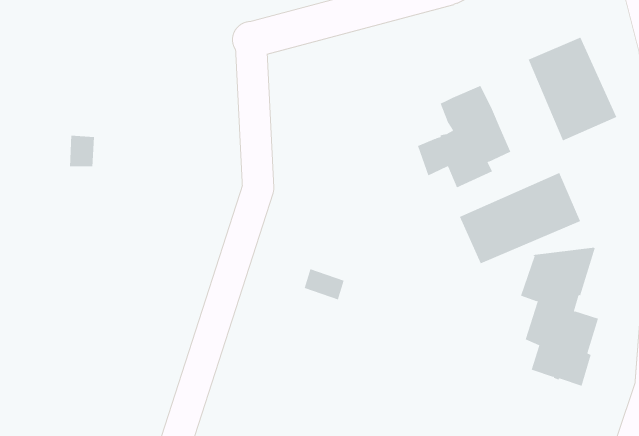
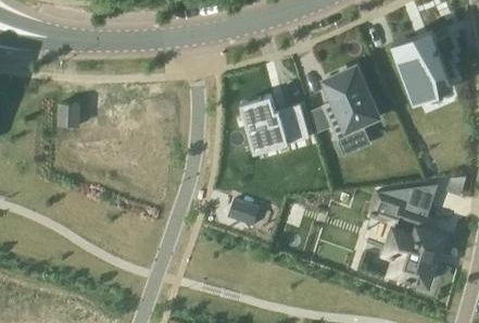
building: none -> [241,97,311,154]
building: [459,172,581,264] -> none

